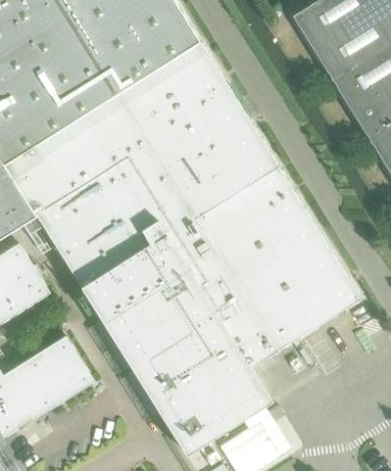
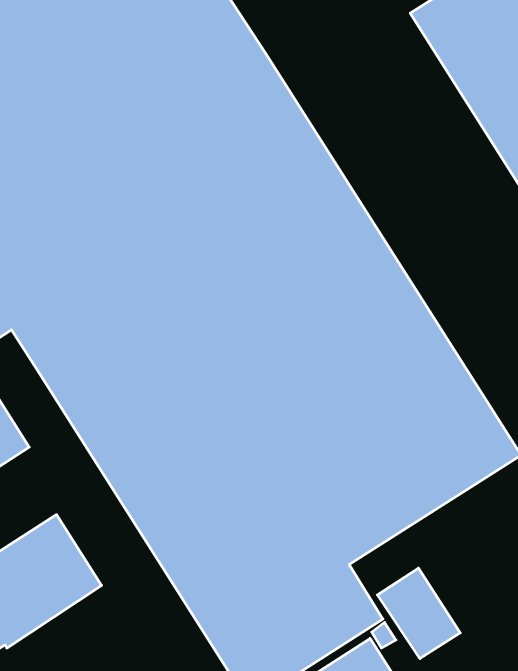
building: none -> [377,568,460,659]

